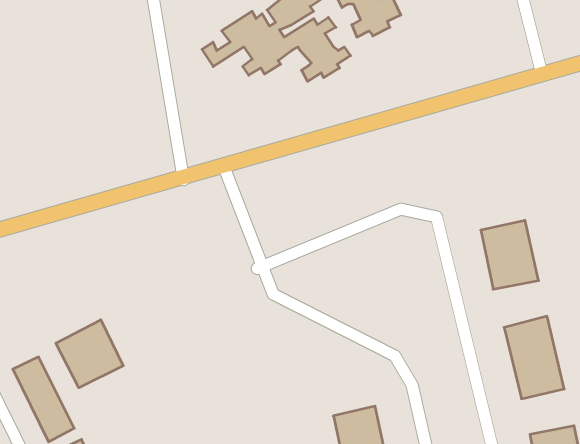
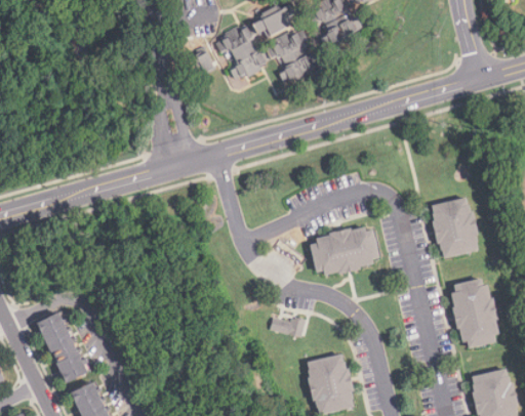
building: none -> [311,230,379,274]
building: [56,320,123,388] -> none
building: none -> [270,318,304,336]

